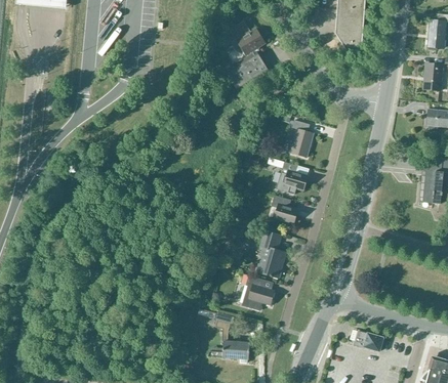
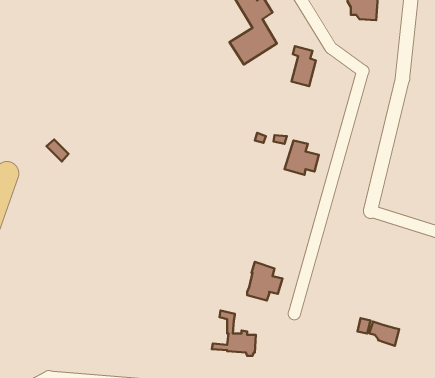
building: [290,120,313,157] -> [292,46,316,86]
building: [271,194,297,224] -> none
building: [258,230,285,278] -> none

